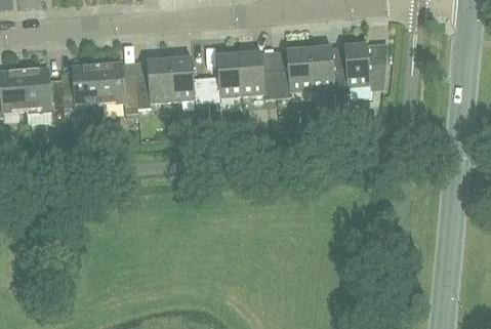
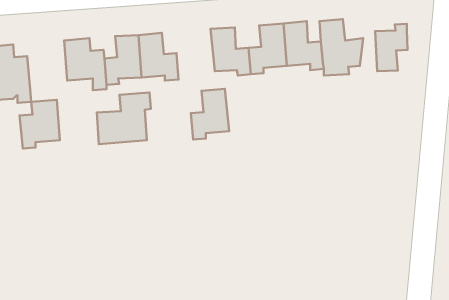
building: none -> [375,24,407,71]
building: [205,51,242,100] -> [191,89,229,140]
building: [60,63,99,110] -> [20,100,60,149]
building: none -> [97,93,151,144]

